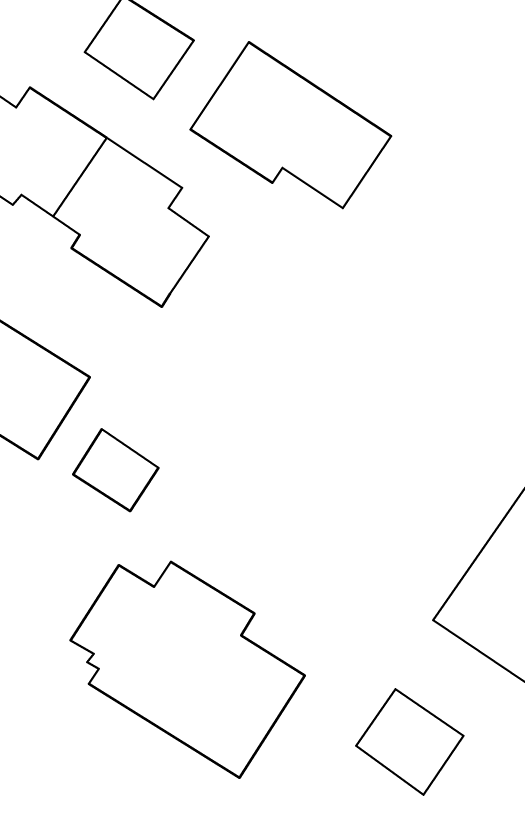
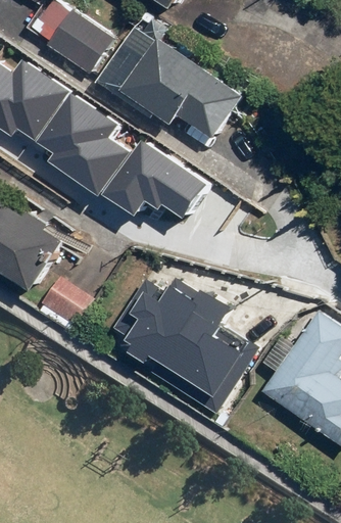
building: none -> [102,141,202,218]
building: [70,562,305,778] -> [113,279,256,411]
building: [356,689,464,795] -> none

